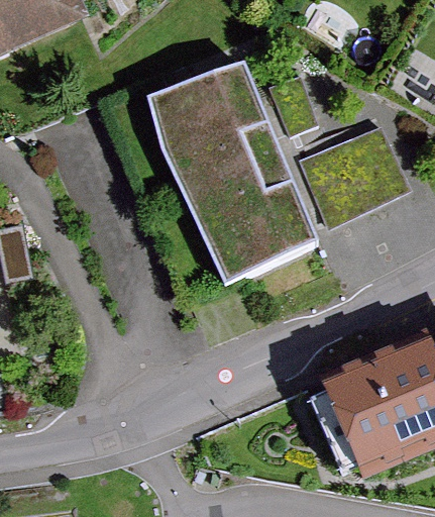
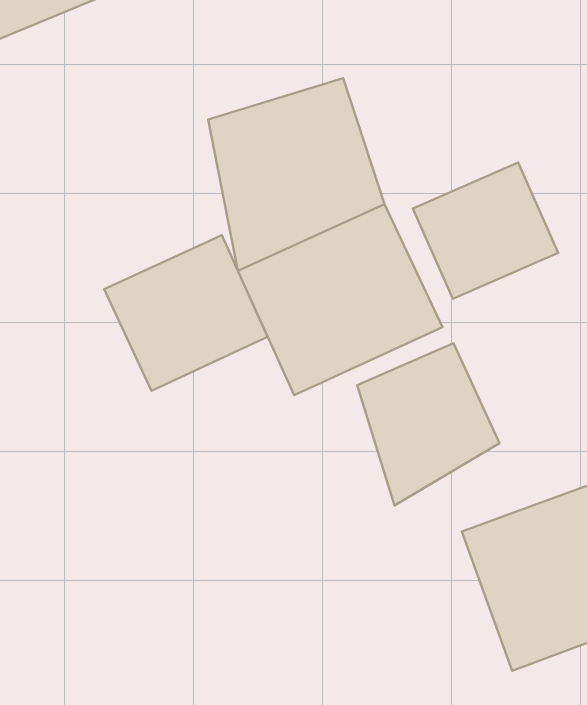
building: none -> [104,235,268,391]
building: none -> [357,343,499,505]

